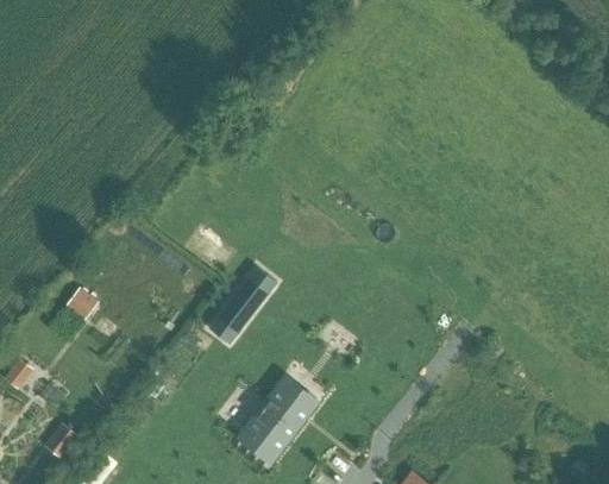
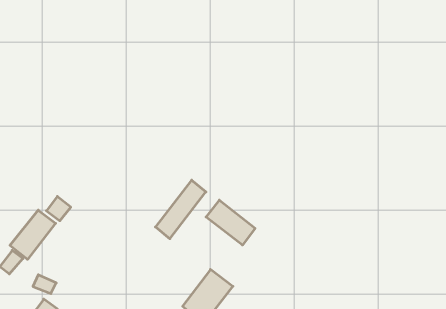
building: none -> [206,200,255,245]
building: none -> [10,210,56,259]

